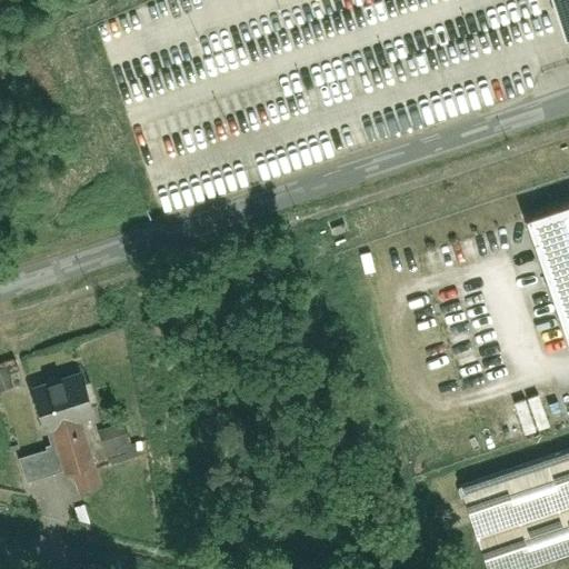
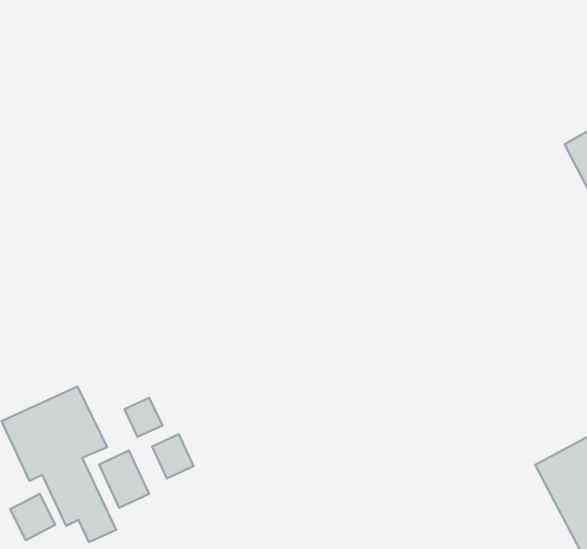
building: none -> [124,398,162,437]
building: none -> [152,434,193,479]

